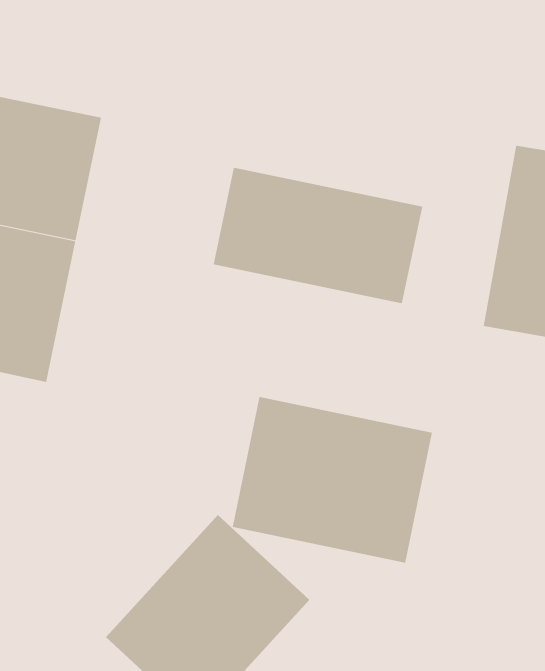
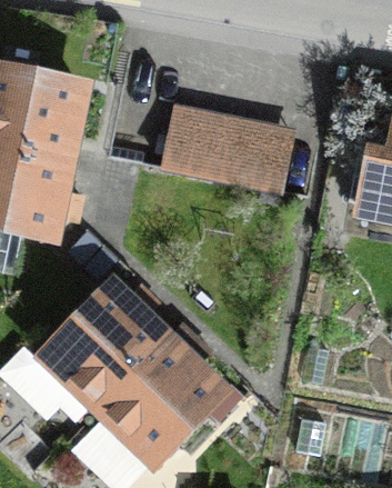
building: [232,396,432,563] -> none
building: none -> [38,283,168,415]

